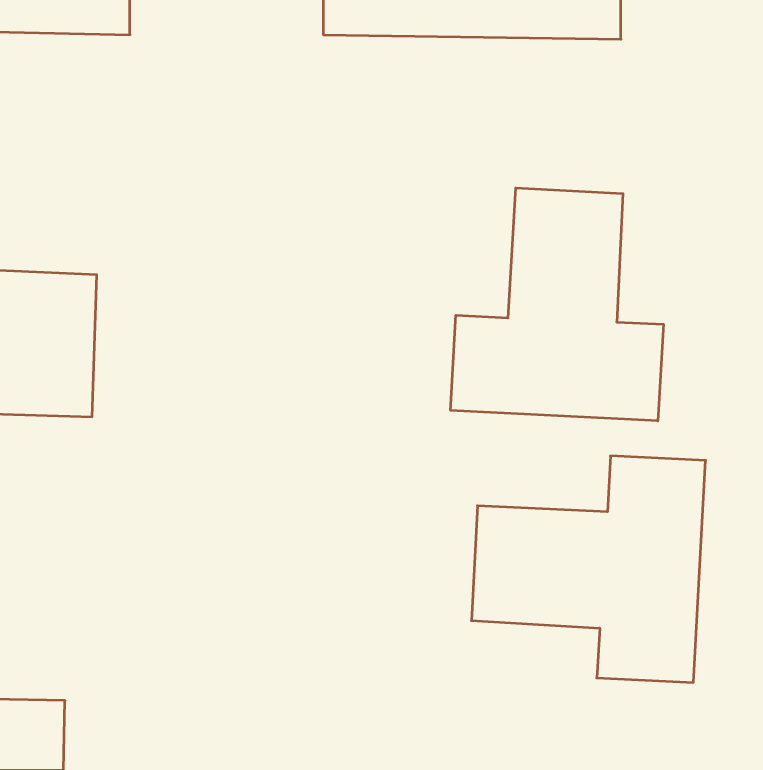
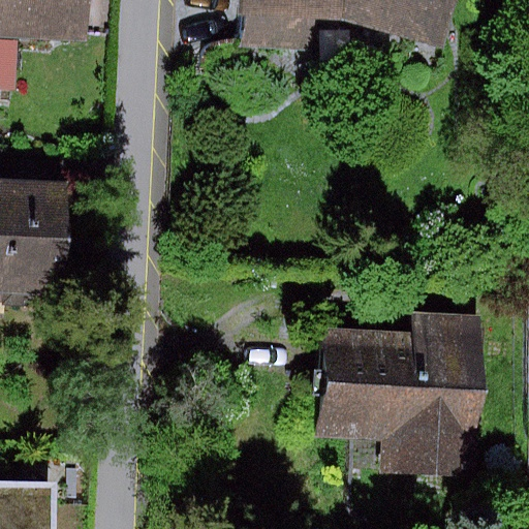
building: [451,188,663,421] -> none

